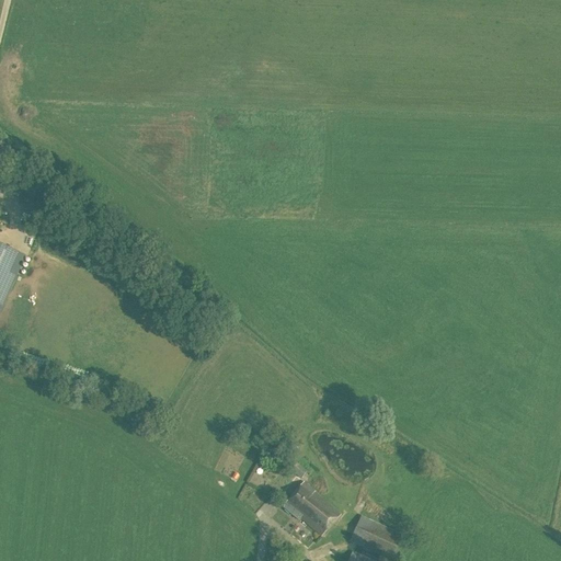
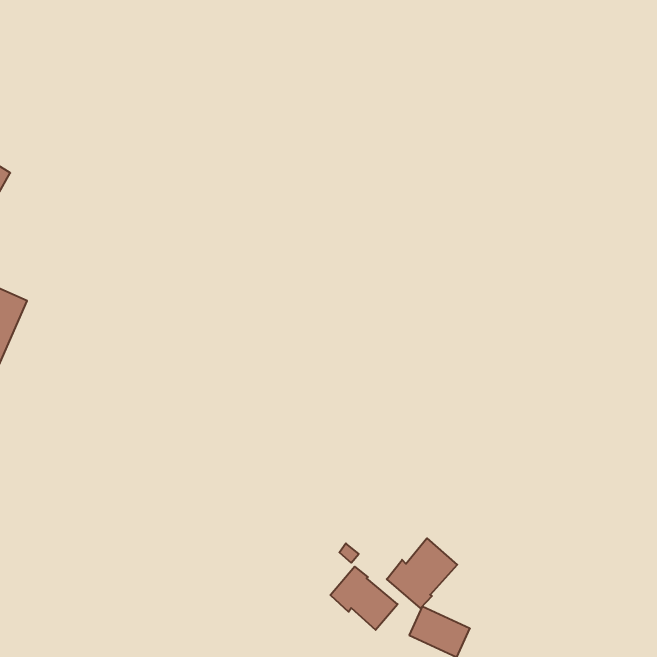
building: none -> [387,538,457,608]

